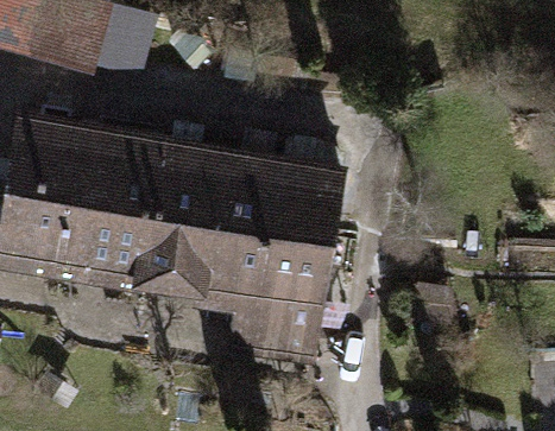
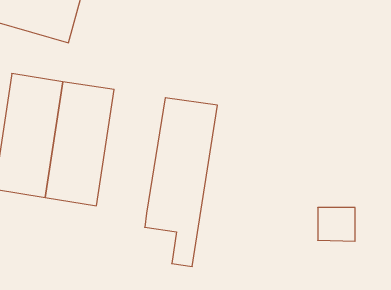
building: [126,135,214,293] -> none
building: [248,156,345,372] -> none

